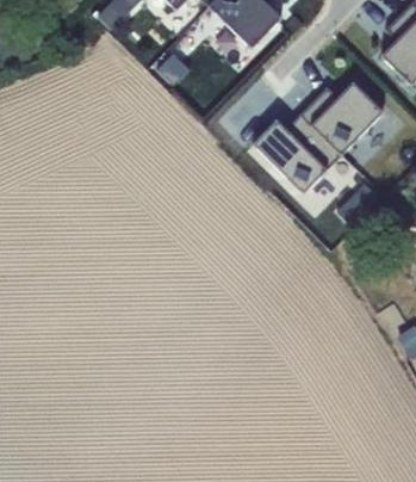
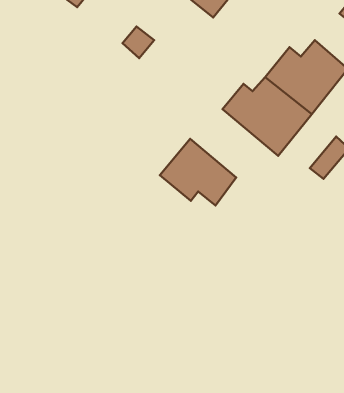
building: none -> [160,139,236,206]

